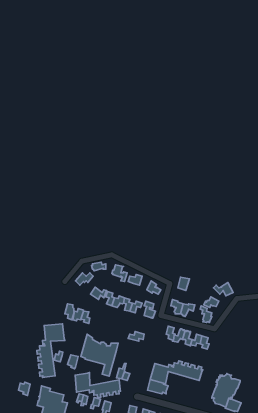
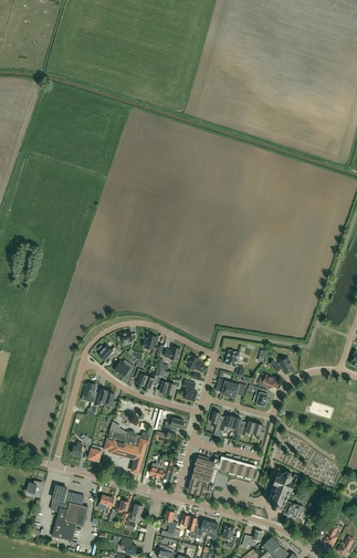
building: [37,324,65,378] -> none
building: [75,372,121,398] -> none

